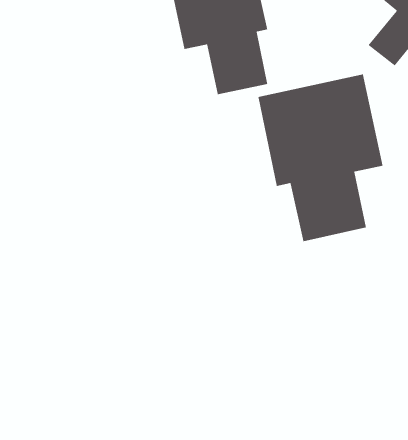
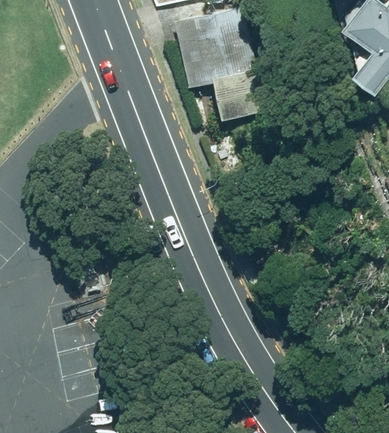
building: [258,73,383,242] -> none

